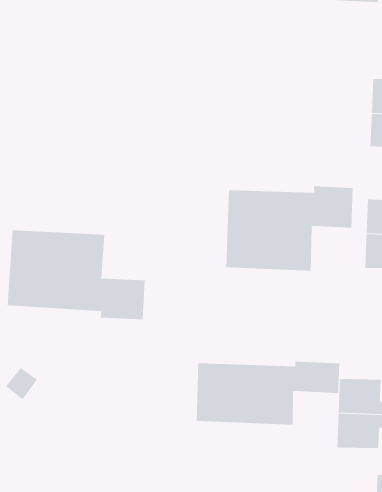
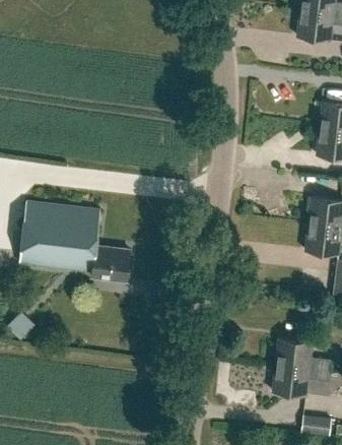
building: [226,185,353,272] -> none
building: [196,361,340,426] -> none

